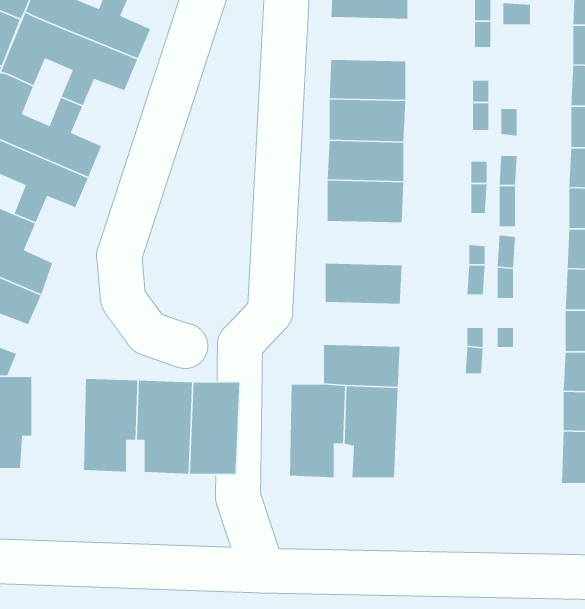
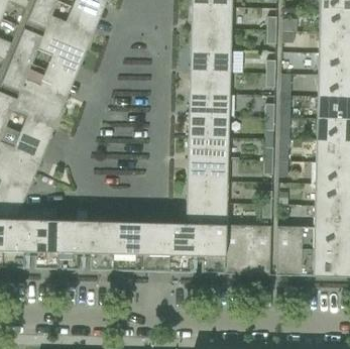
building: none -> [191,27,232,50]
building: none -> [188,136,229,159]
building: none -> [187,180,228,203]
building: none -> [31,219,60,269]
building: none -> [140,222,169,272]
building: none -> [225,225,271,275]
building: none -> [276,226,315,276]

